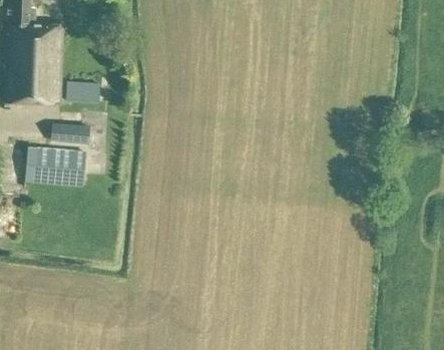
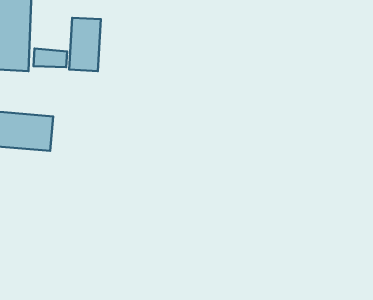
building: none -> [69,18,101,71]
building: [51,121,89,143] -> none

